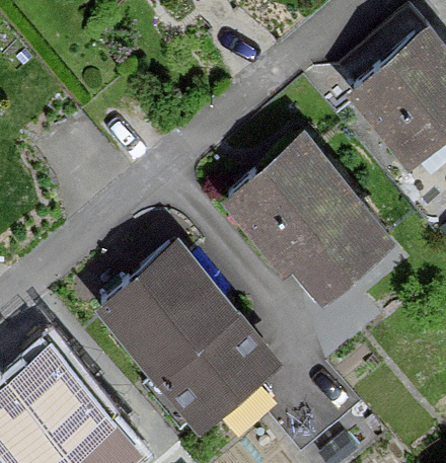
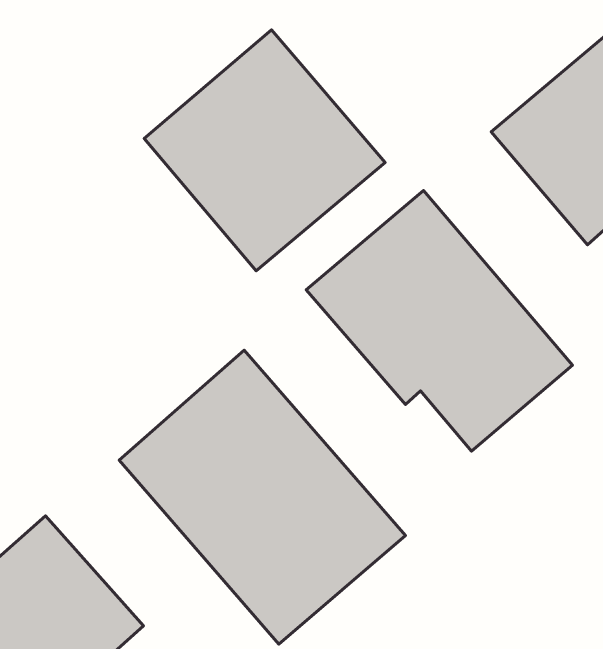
building: none -> [144,30,385,271]

